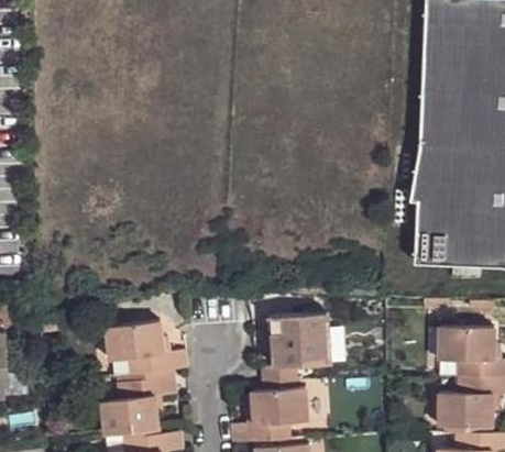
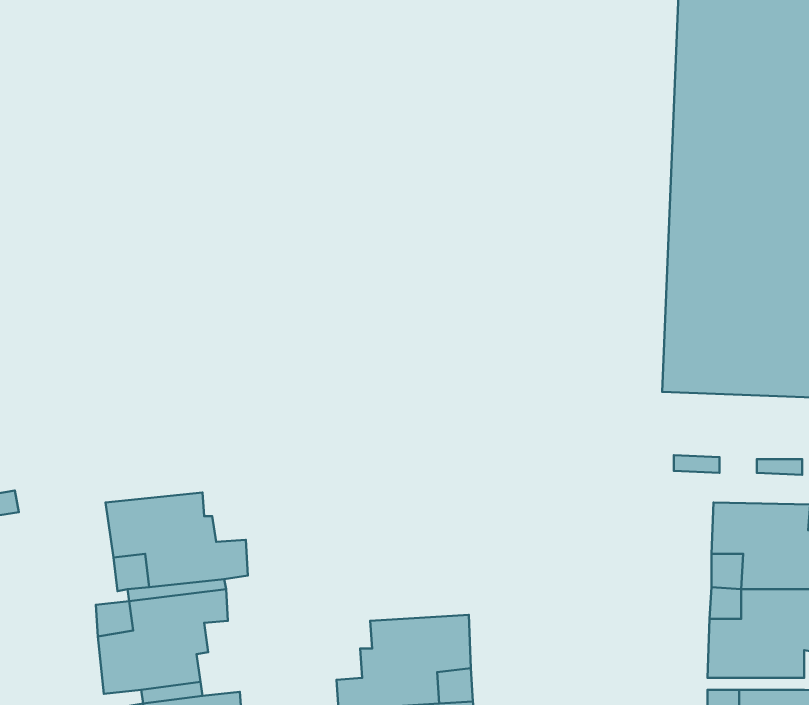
building: [263,316,330,384] -> none

